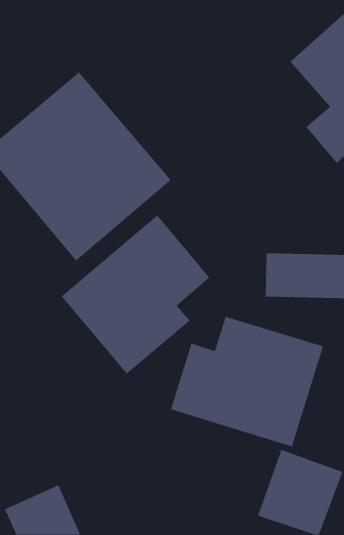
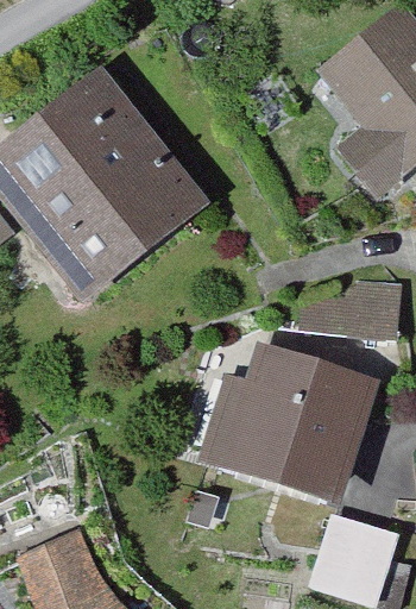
building: [61,215,210,374] -> none

